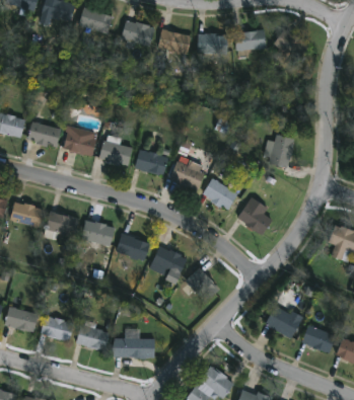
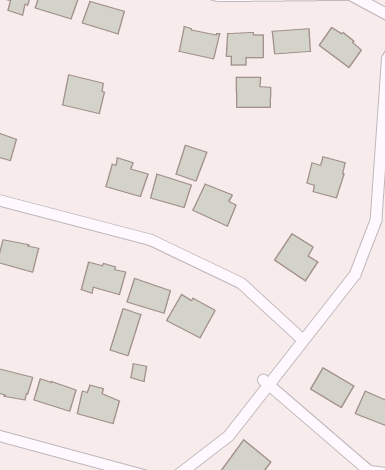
building: [121,19,155,46] -> none
building: none -> [236,77,271,107]
building: [27,121,61,147] -> none
building: none -> [176,145,207,181]
building: [63,125,97,156] -> [62,75,105,113]
building: [198,174,237,210] -> none
building: [45,211,79,238] -> none
building: none -> [110,309,141,356]
building: [185,266,218,302] -> none
building: [123,336,154,359] -> none

